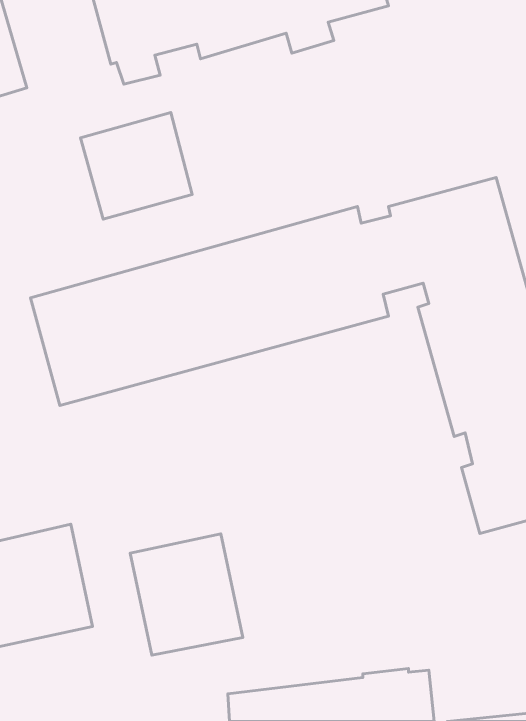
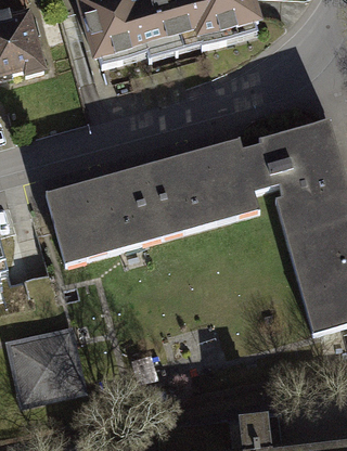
building: [80,113,192,219] -> none
building: [130,534,243,655] -> none

